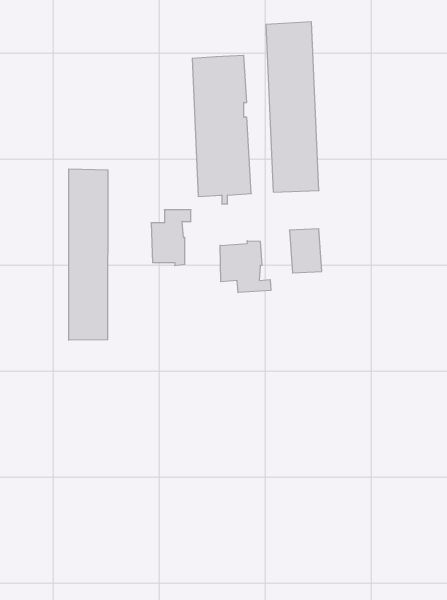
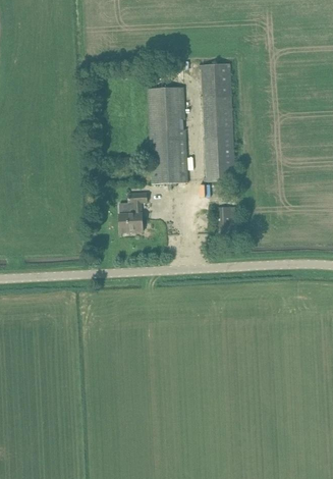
building: [69,169,108,340] -> none
building: [220,241,271,293] -> none

